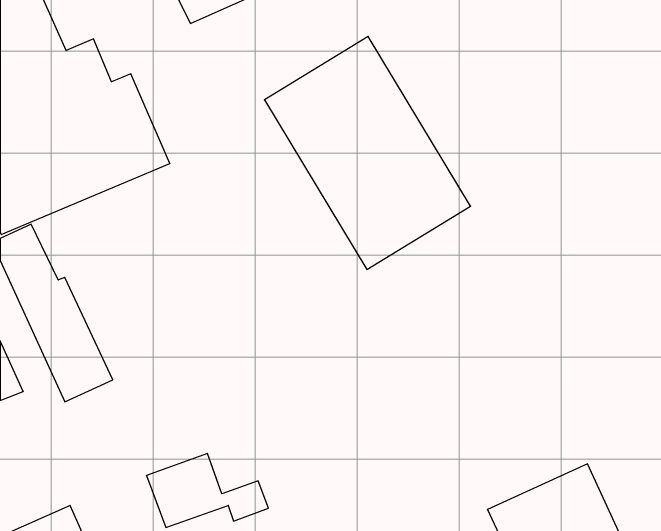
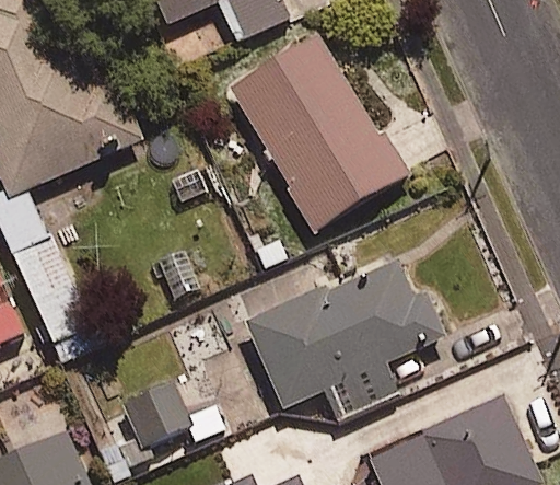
building: none -> [238,262,439,409]

